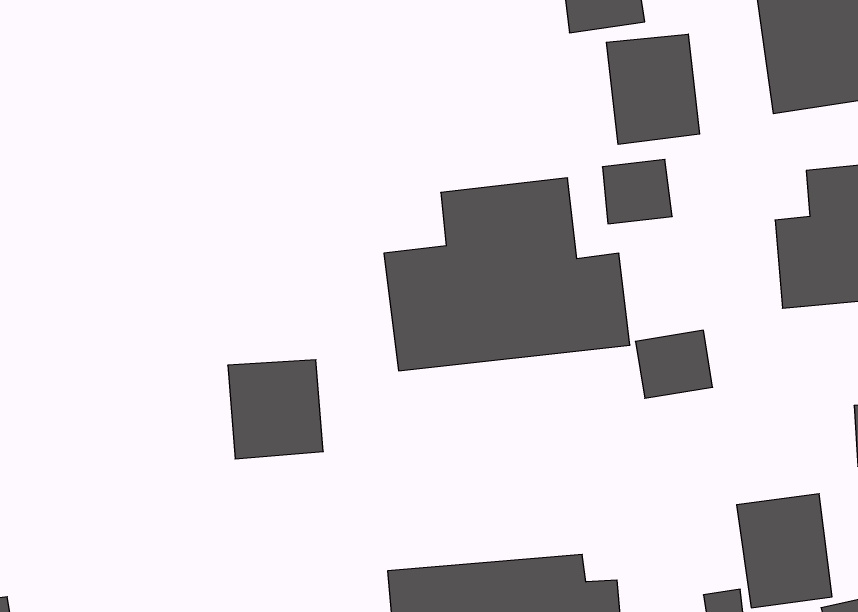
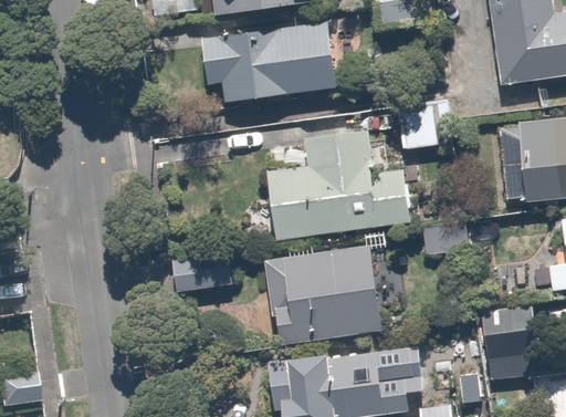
building: none -> [207,22,335,102]
building: [606,34,700,144] -> none
building: none -> [265,248,382,348]

